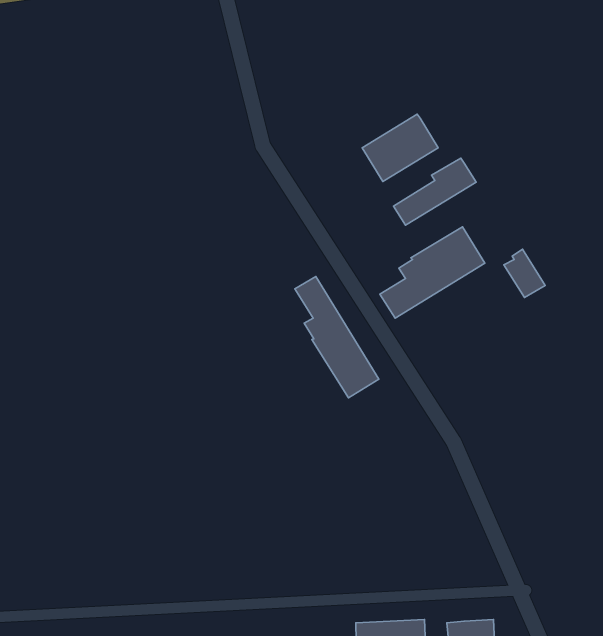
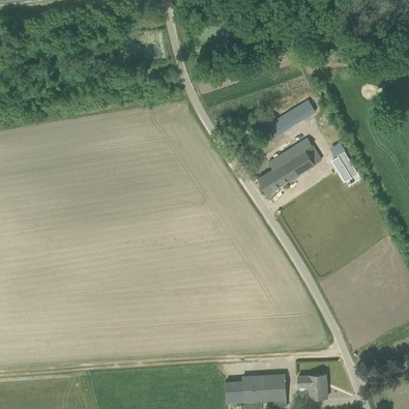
building: [362,114,438,182] -> none
building: [295,277,379,398] -> none

